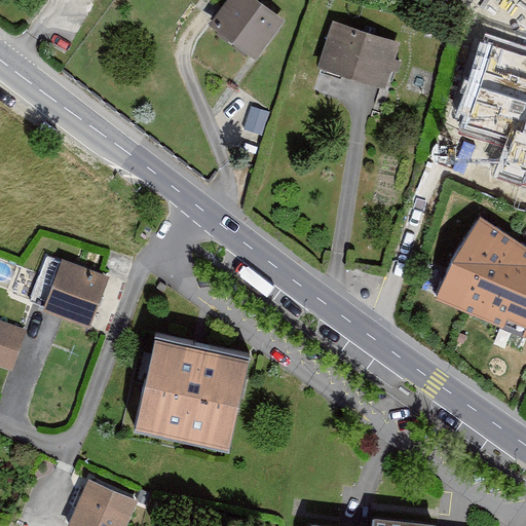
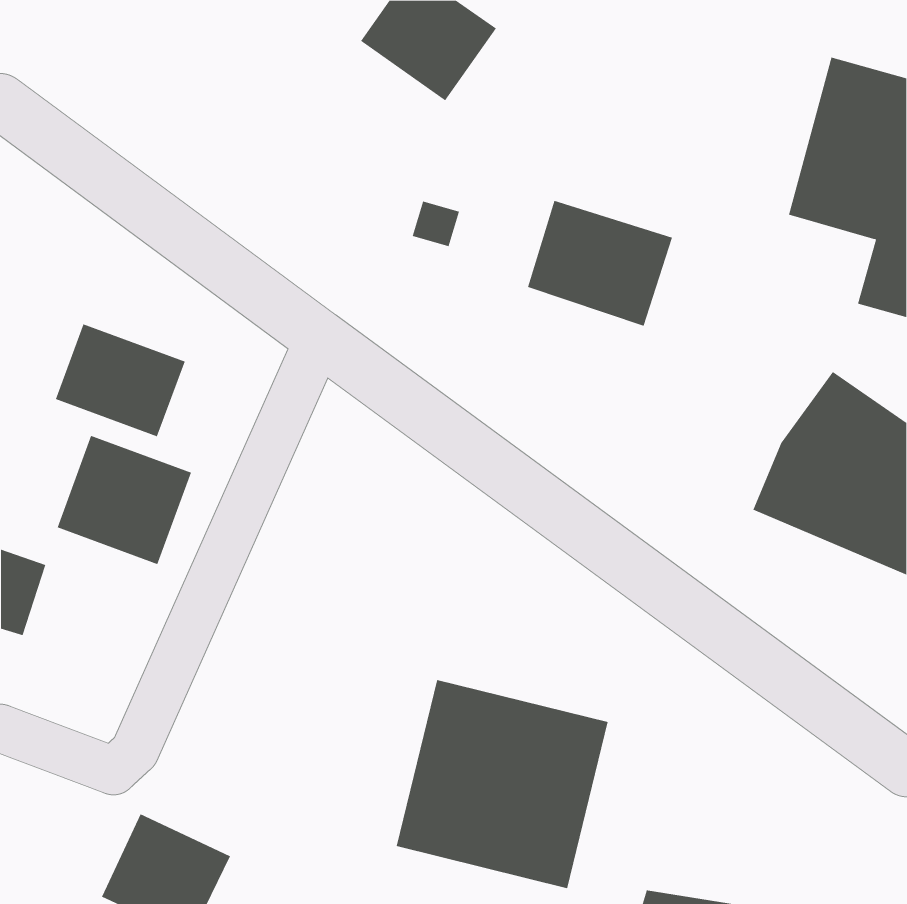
building: [314,17,399,90] -> [527,200,673,326]
building: none -> [55,323,185,437]
building: [130,332,254,453] -> [396,679,609,889]

